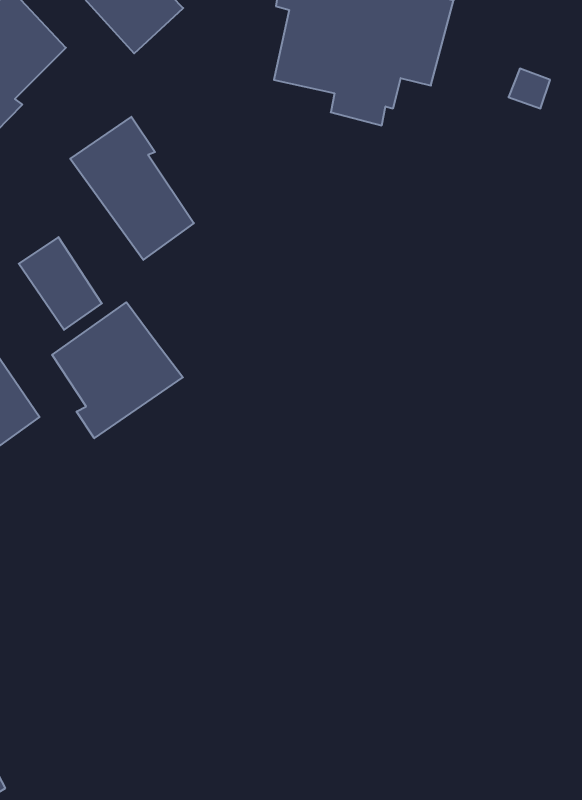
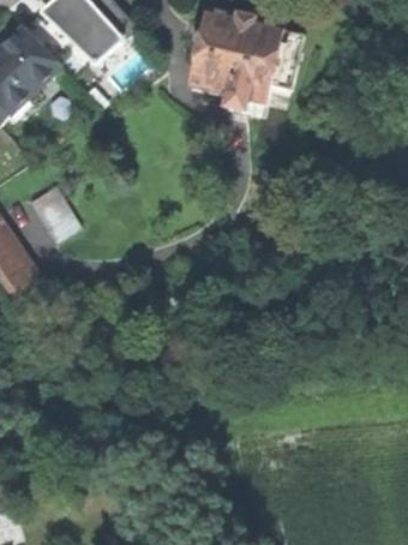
building: [70,117,194,260] -> none
building: [52,302,183,438] -> none

